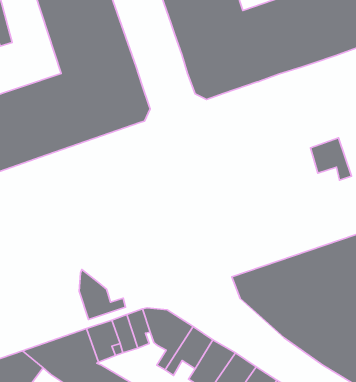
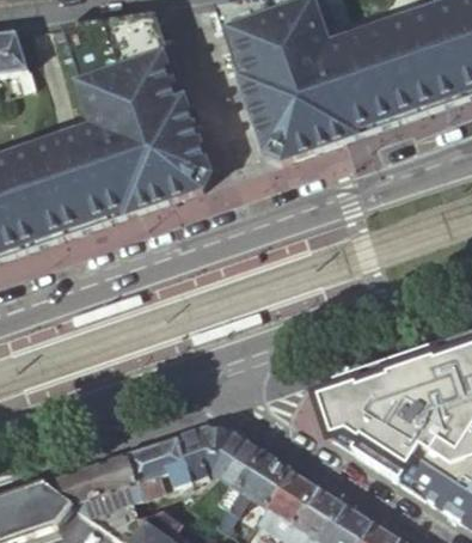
building: [310,138,351,180] -> none
building: [79,269,126,319] -> none

